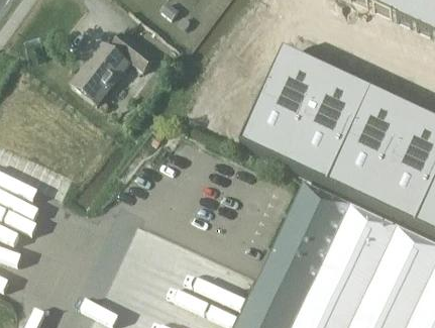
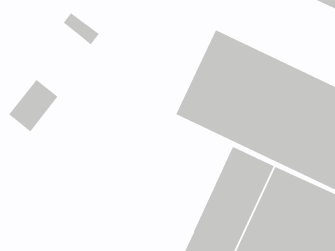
building: [74,37,130,98] -> [8,79,58,132]

